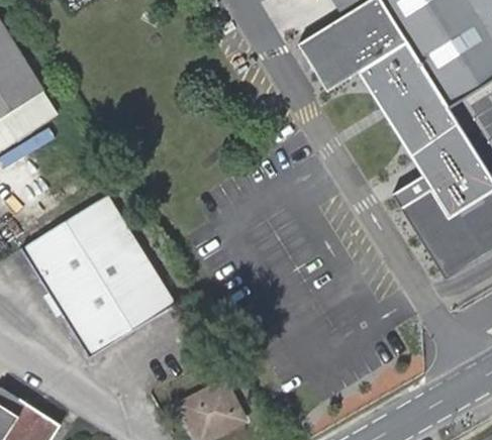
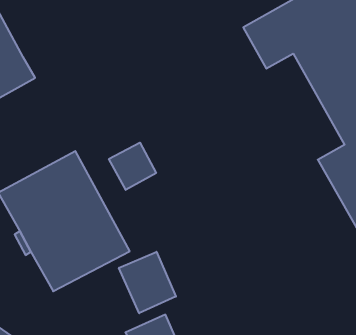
building: none -> [109,143,156,190]
building: none -> [119,252,176,313]

